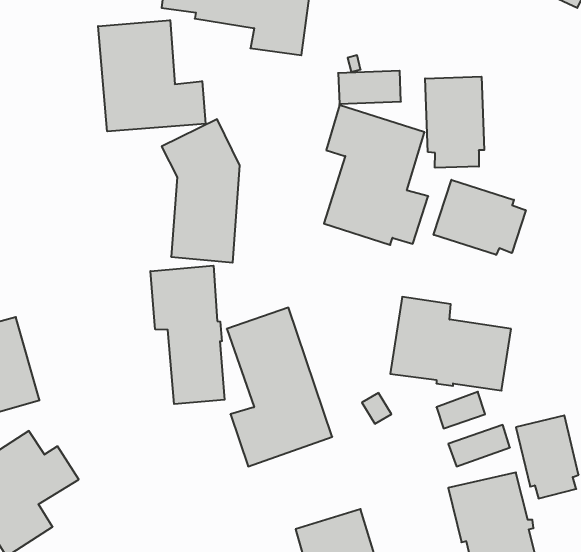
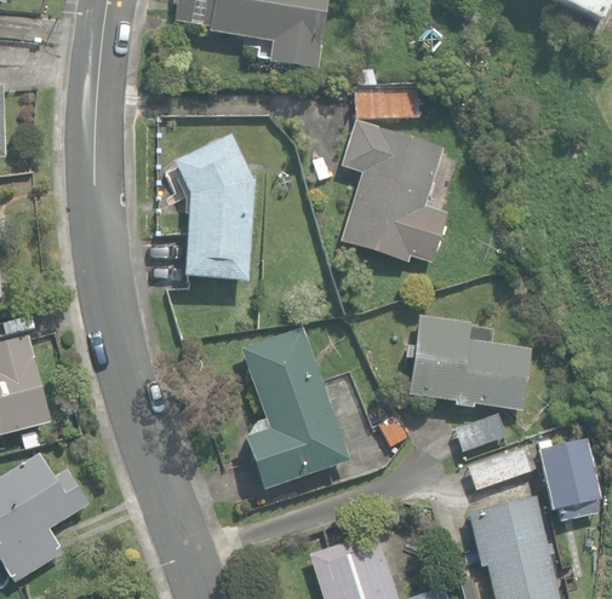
building: [98,20,206,131] -> none
building: [425,77,484,168] -> none
building: [434,180,526,255] -> none
building: [150,266,225,404] -> none

